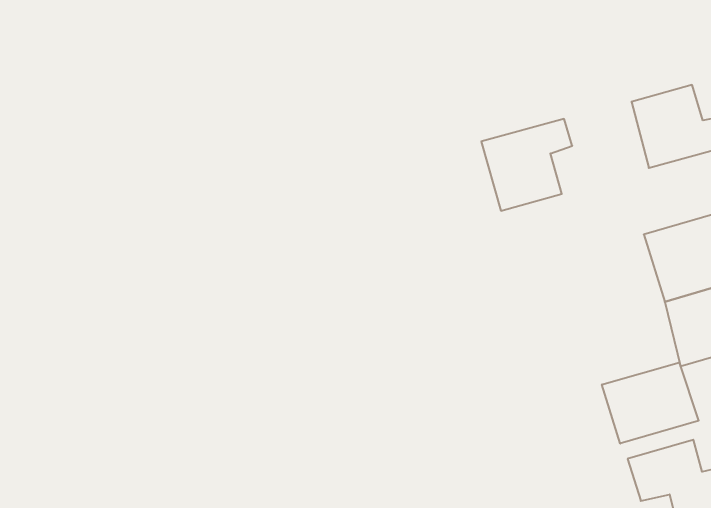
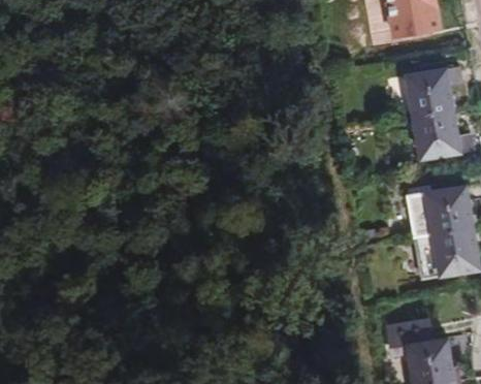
building: [481,119,572,211] -> [405,68,458,119]
building: [602,362,699,444] -> none

